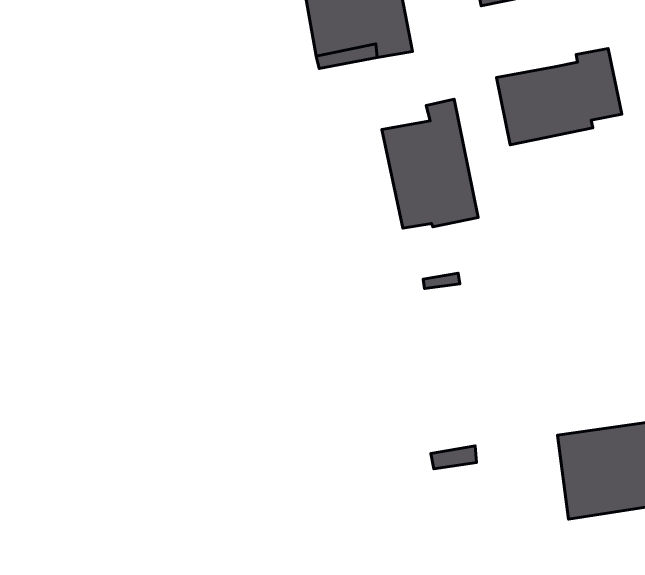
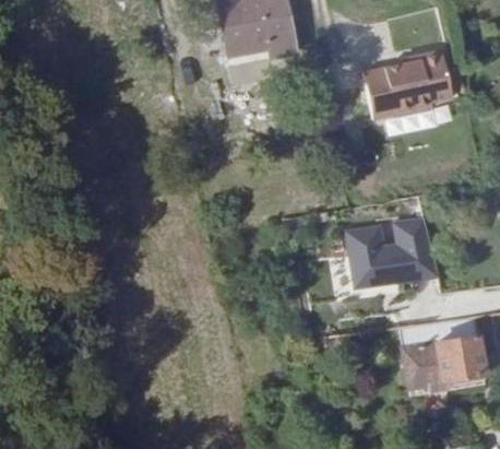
building: [382,99,478,228] -> none
building: none -> [348,213,441,288]

